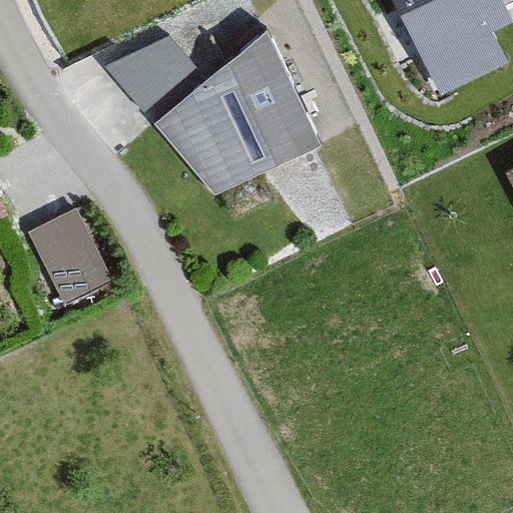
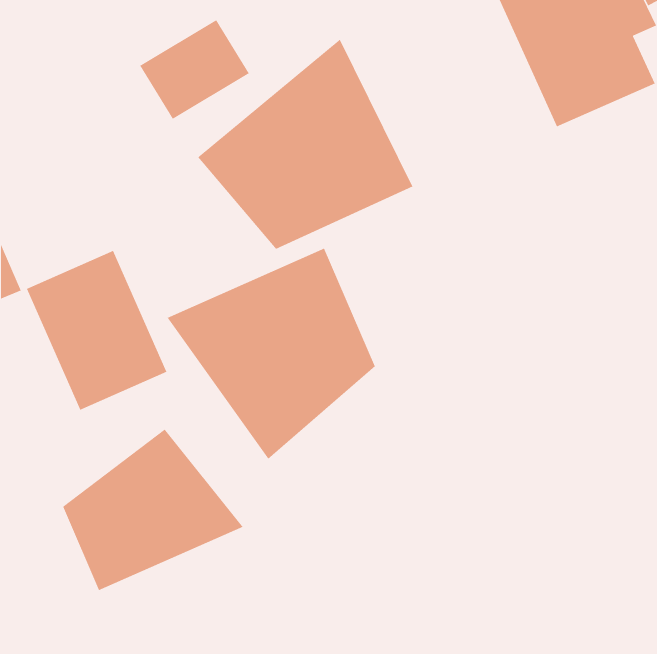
building: none -> [167,248,376,460]
building: none -> [62,428,244,591]

